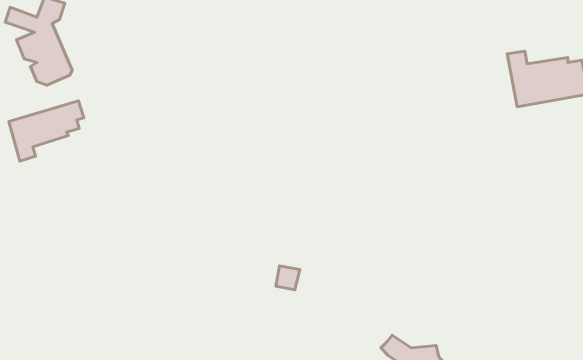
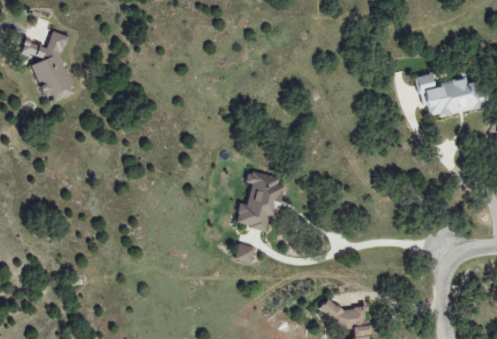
building: [9,101,84,161] -> none
building: none -> [235,169,281,231]

